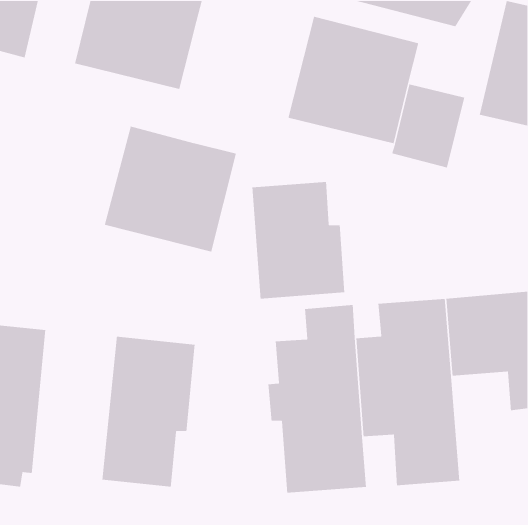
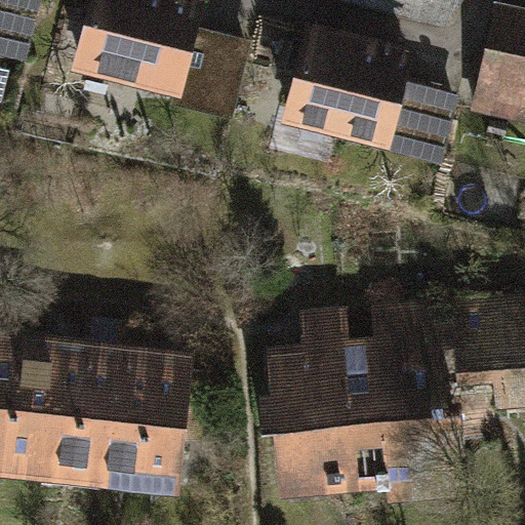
building: none -> [174,37,247,121]
building: [104,125,237,252] -> none
building: [252,181,345,299] -> none
building: none -> [32,332,114,480]

